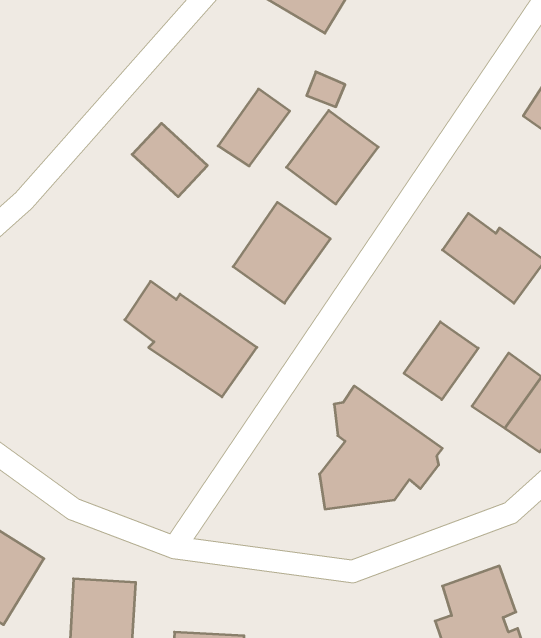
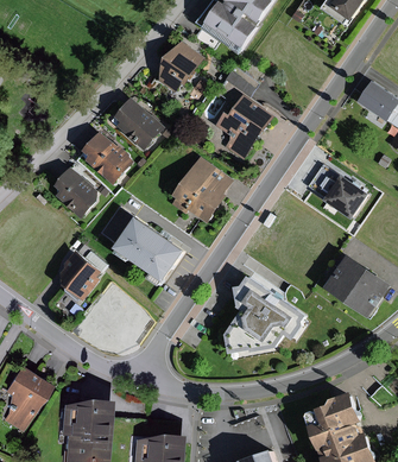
building: [218,89,290,166] -> [150,45,196,95]
building: none -> [81,135,131,184]
building: none -> [50,171,97,217]
building: [404,322,478,400] -> none
building: none -> [63,253,106,295]

